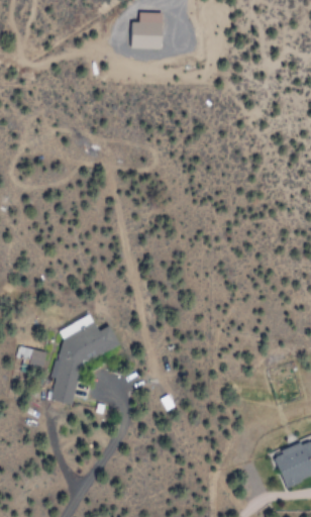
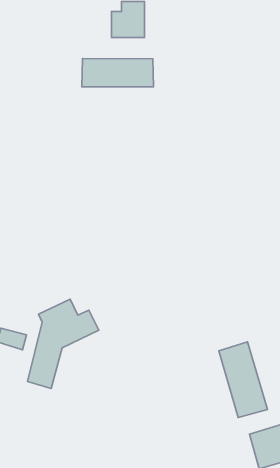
building: none -> [82,59,153,87]
building: none -> [219,342,267,417]

